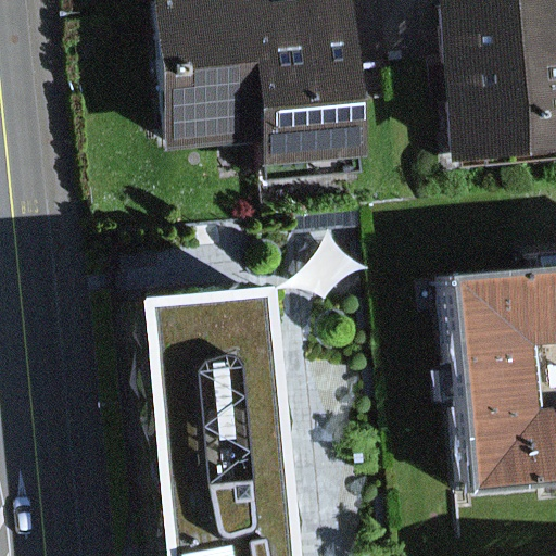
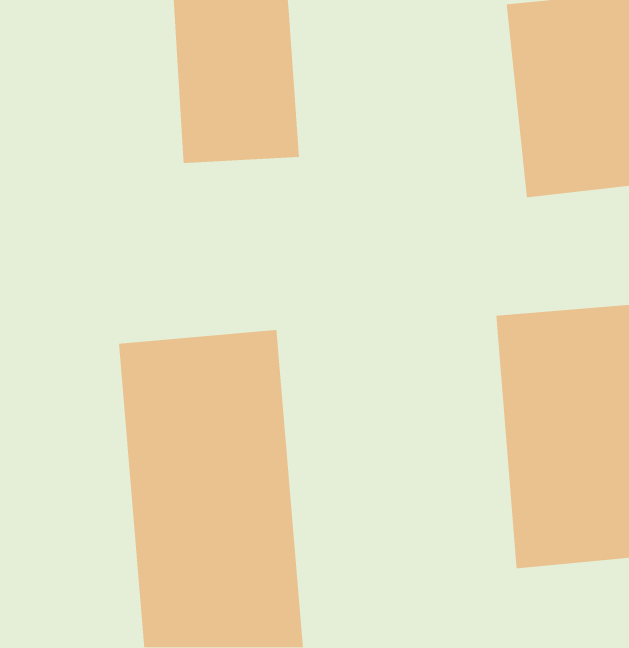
building: [265,7,370,169] -> none

